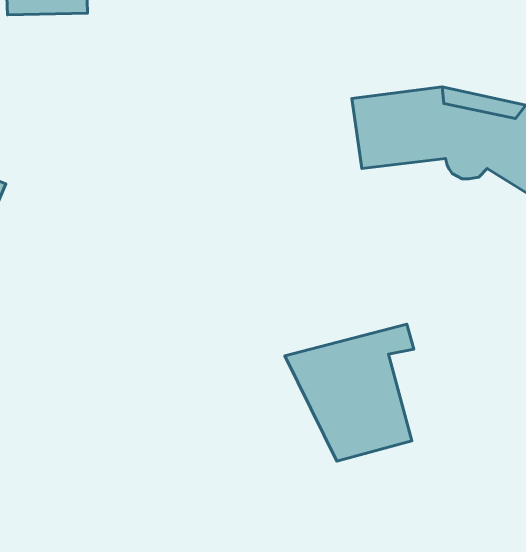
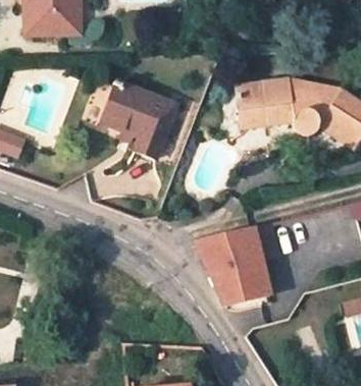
building: none -> [103,81,175,158]

